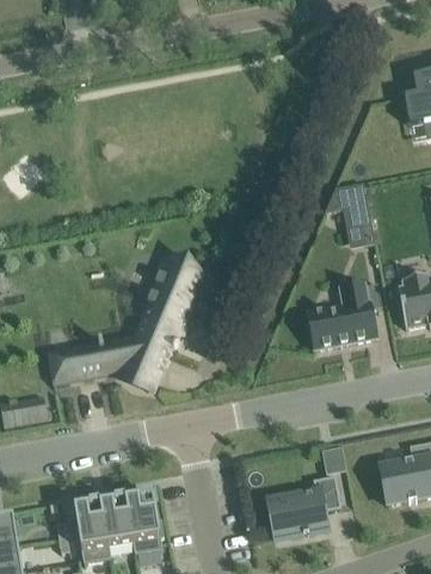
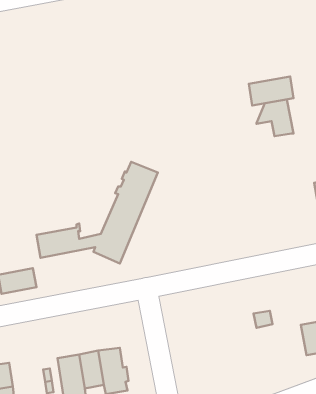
building: none -> [249,77,294,105]
building: [308,283,381,347] -> none
building: [266,475,340,538] -> none

